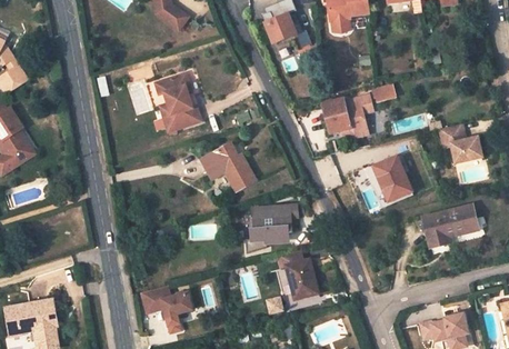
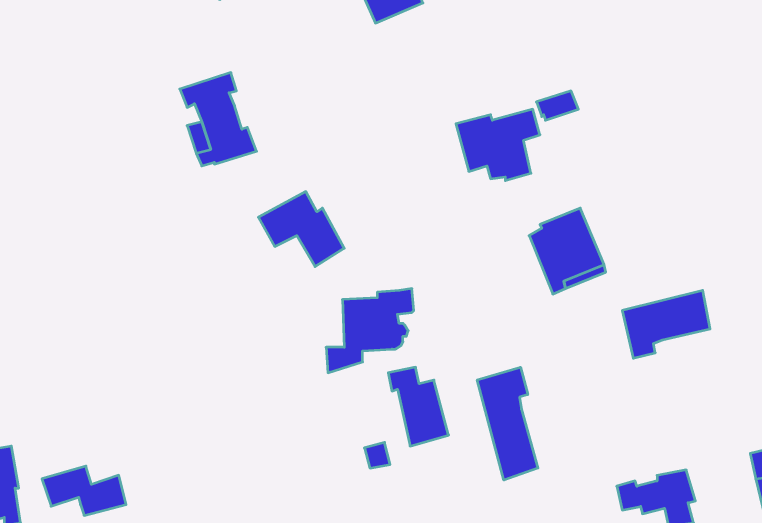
building: [438,122,480,161] -> none
building: none -> [477,367,538,480]
building: [141,285,192,315] -> [42,466,126,515]

